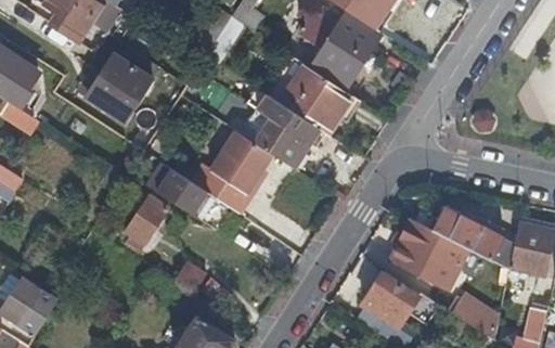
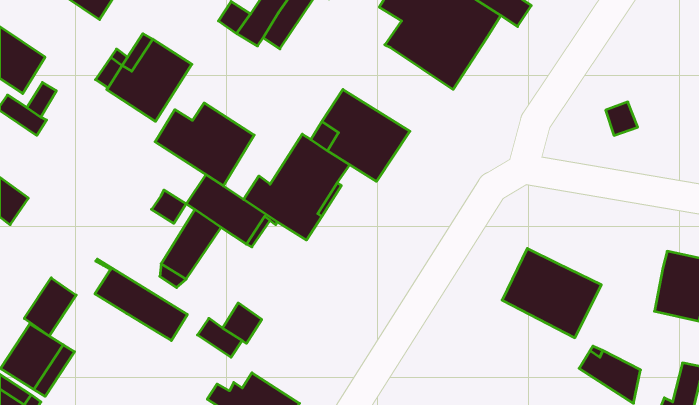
building: [280,64,353,134] -> none
building: none -> [155,103,254,186]
building: [434,210,515,269] -> none
building: none -> [95,259,187,341]
building: none -> [24,278,76,336]
building: [360,274,417,328] -> none

